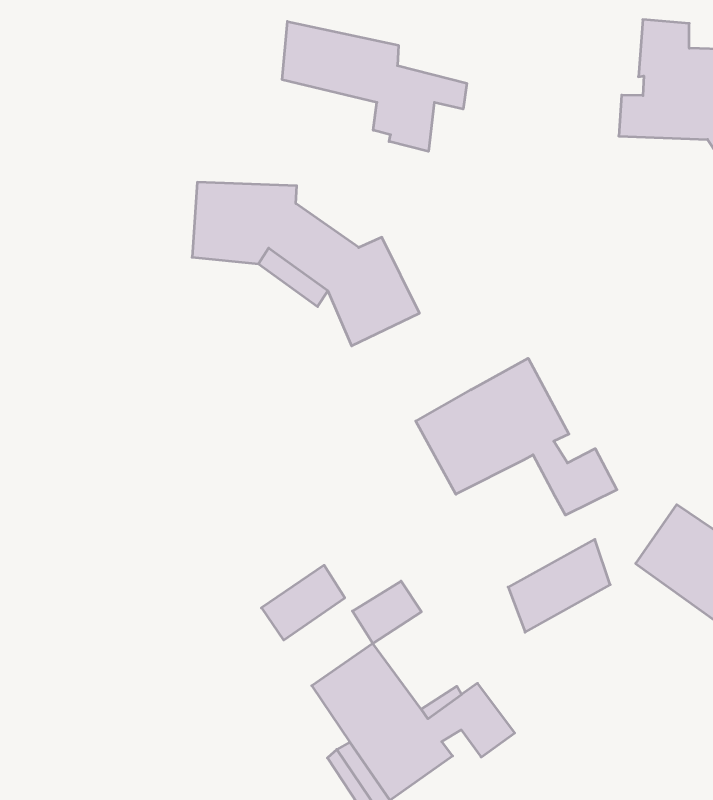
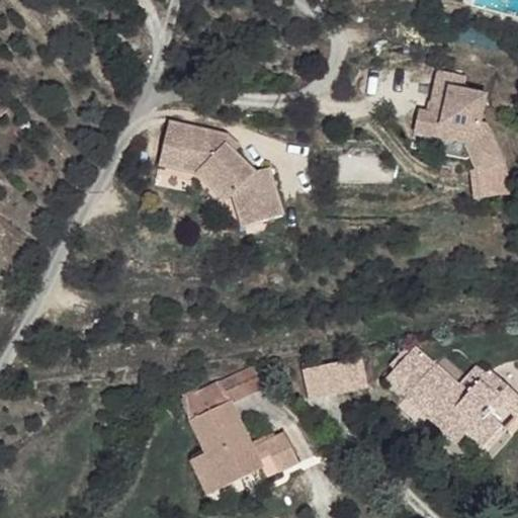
building: [282,21,467,151] -> none
building: [416,358,617,515] -> none
building: [261,565,345,640] -> [181,379,230,419]

